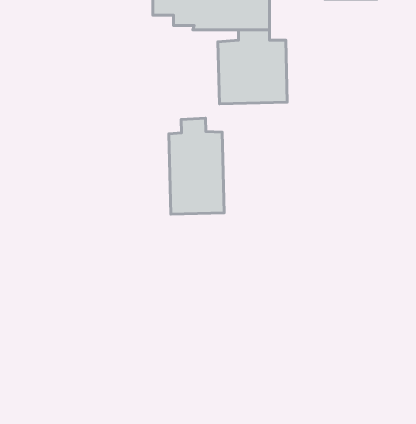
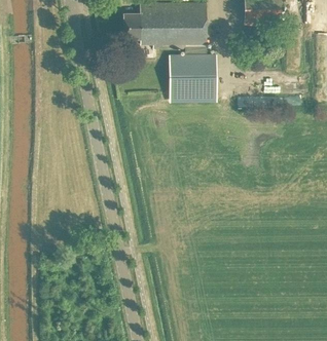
building: [169,118,224,214] -> none

